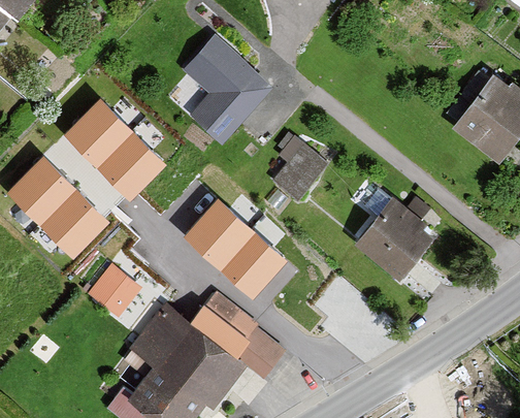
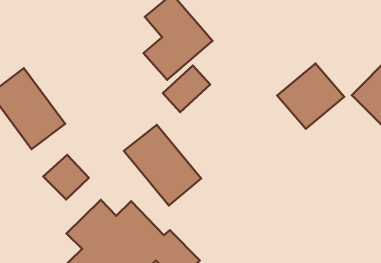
building: [63,98,161,195] -> none
building: [273,143,329,202] -> [163,66,210,112]
building: [352,198,433,280] -> [277,63,344,129]

